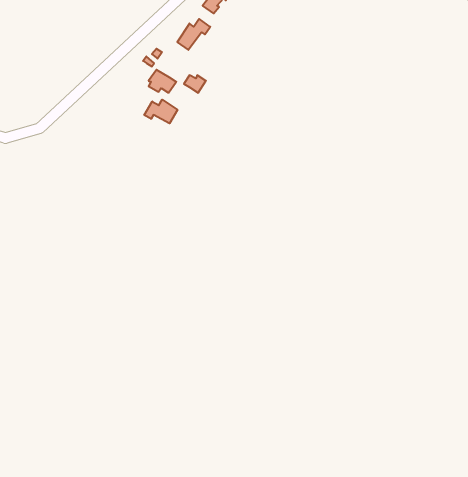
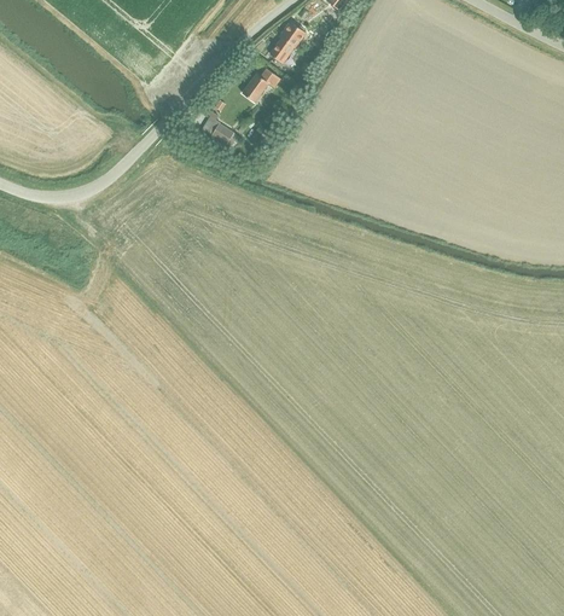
building: [144,100,177,123] -> none

